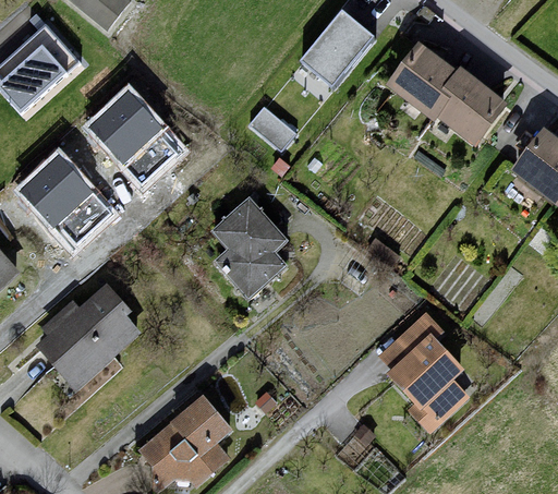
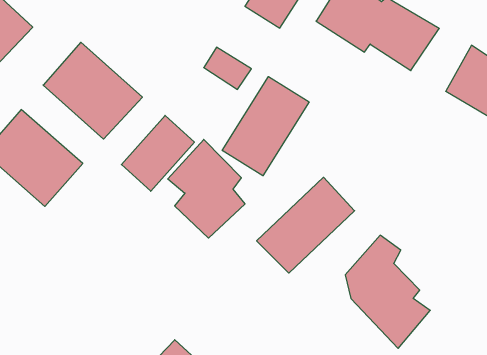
building: none -> [222,77,309,176]
building: none -> [121,115,194,191]
building: none -> [257,177,355,273]
building: [34,285,141,389] -> none

